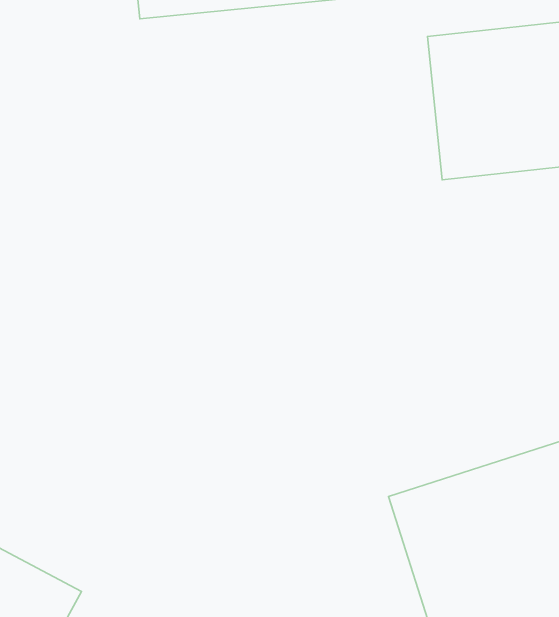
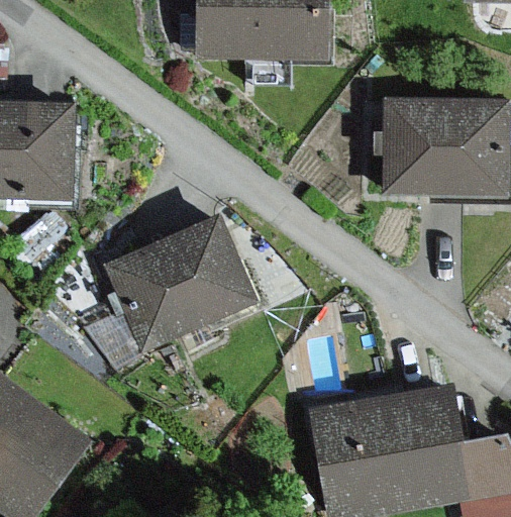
building: none -> [109,211,261,348]

